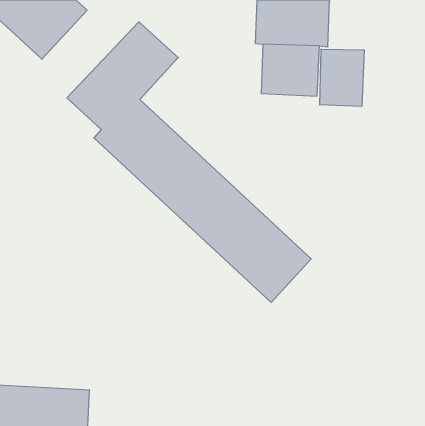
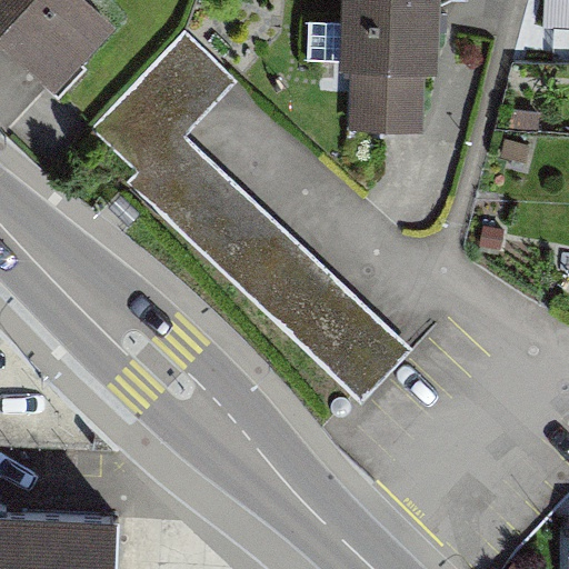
building: [320,49,364,106] -> none

